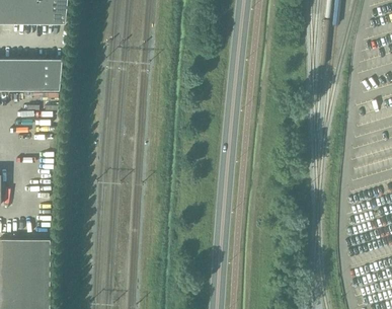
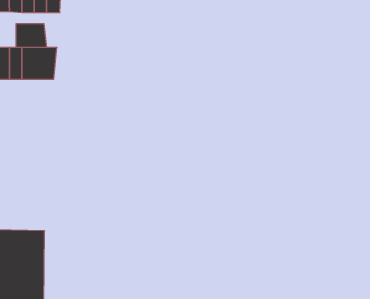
building: none -> [16,24,47,47]

